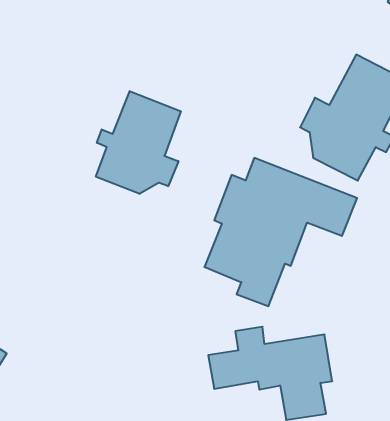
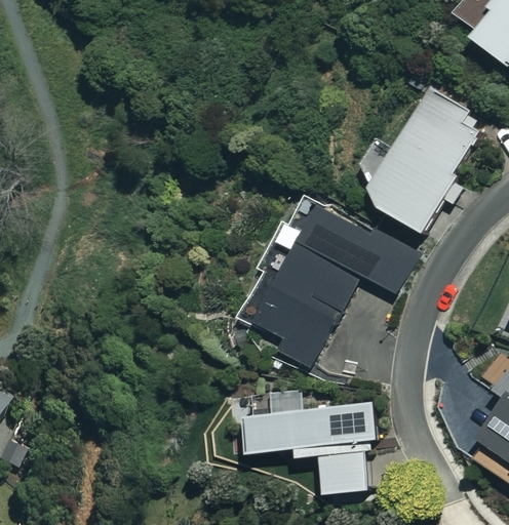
building: [96,91,181,194] -> none

